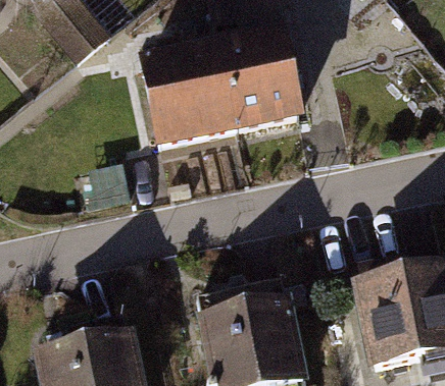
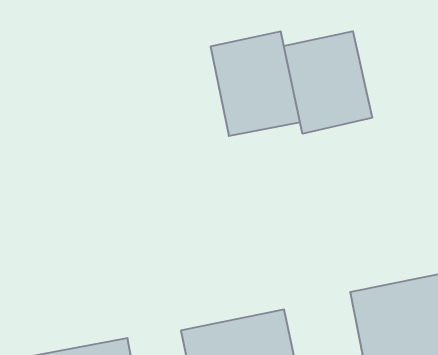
building: none -> [284,31,372,134]
building: [143,53,235,154] -> none

